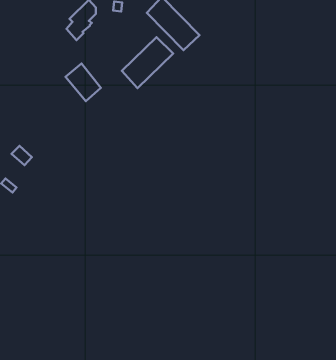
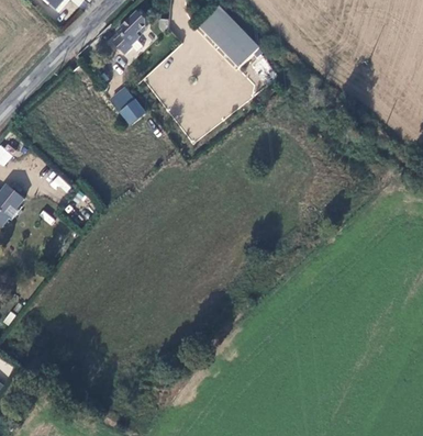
building: [122,37,173,88] -> none

